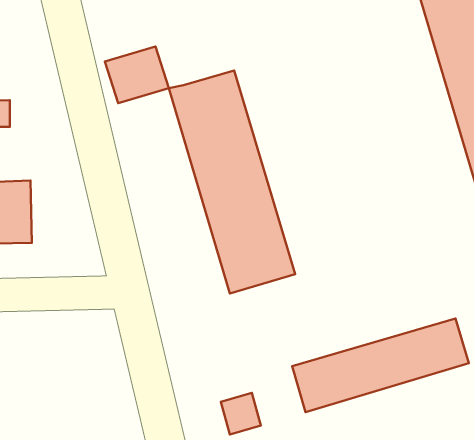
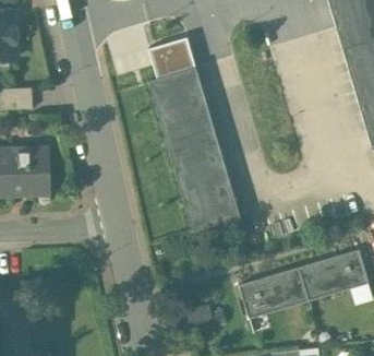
building: [105,47,169,103] -> [148,37,195,79]

